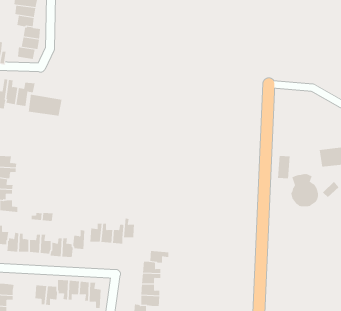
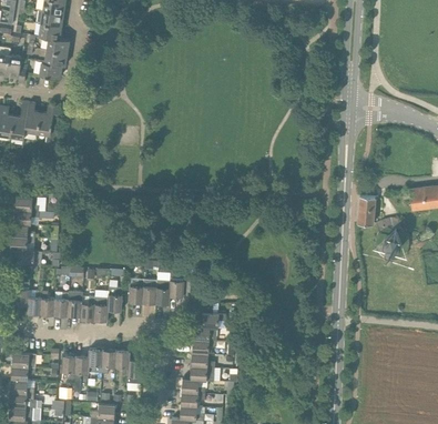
building: [28,94,62,116] -> none

